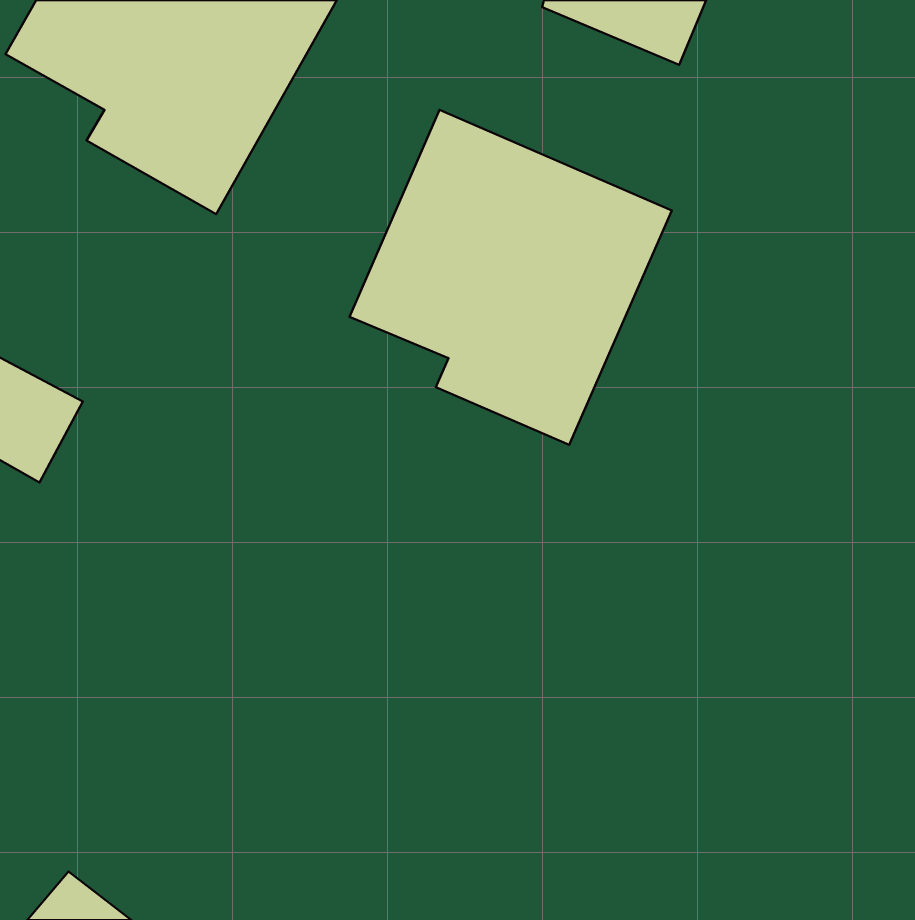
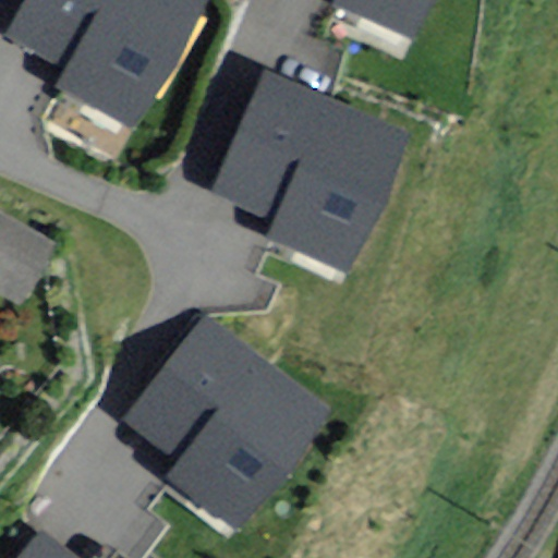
building: none -> [125,314,327,527]

